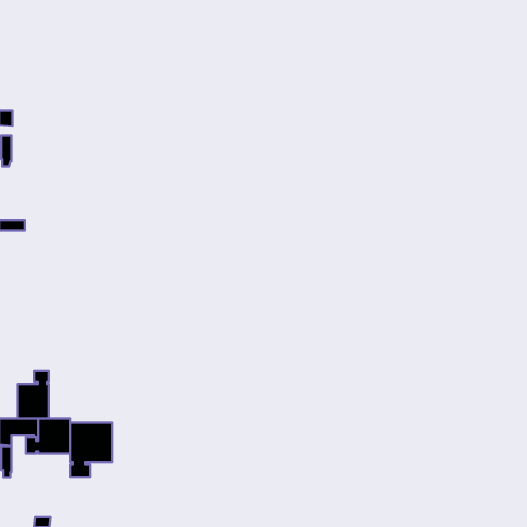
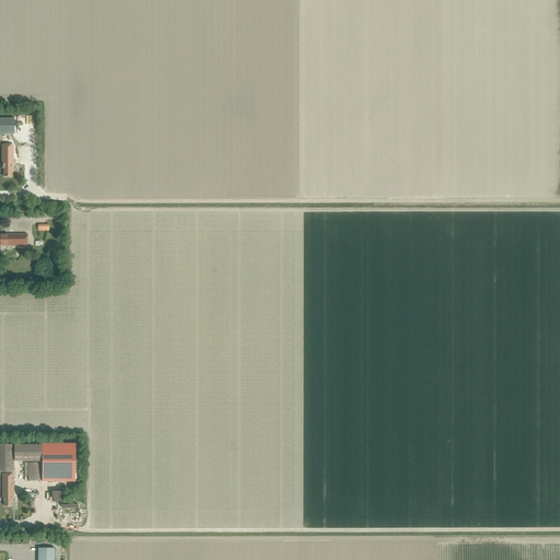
building: [17,371,49,419] -> none
building: [70,423,112,477] -> none

